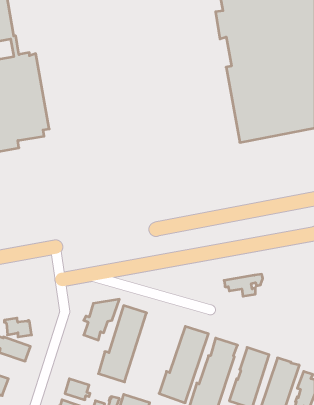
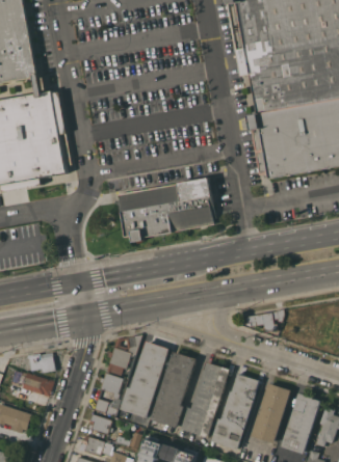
building: none -> [118,178,215,242]
building: none -> [151,351,195,429]
building: none -> [94,373,123,416]

